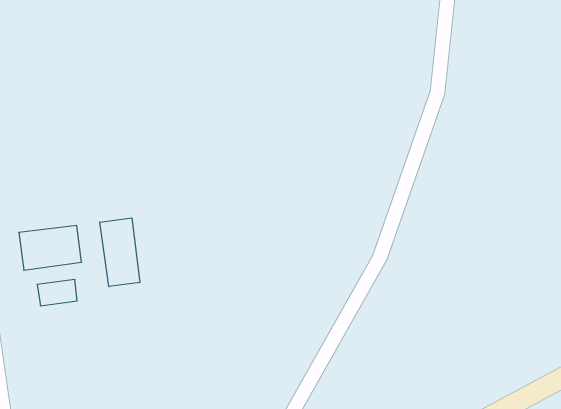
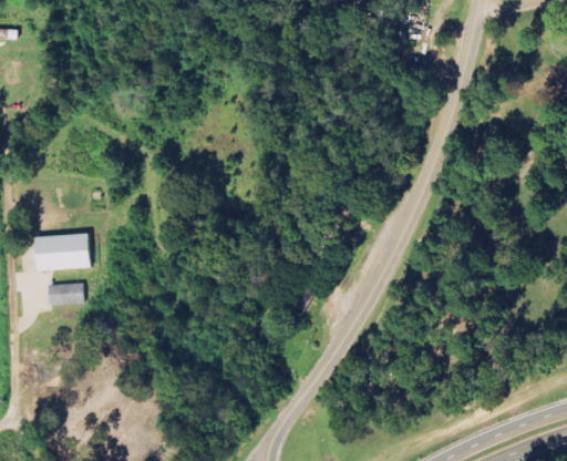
building: [100,218,140,287] -> none

